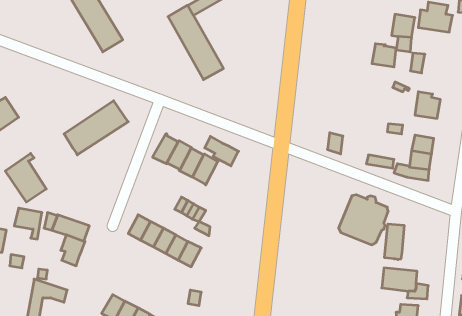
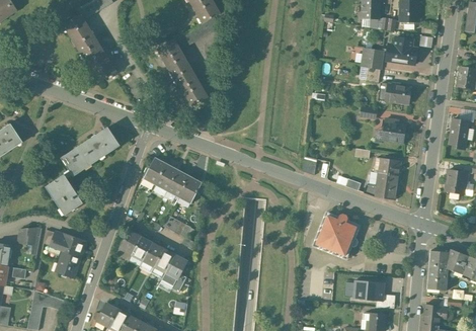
building: [372,44,396,67] -> [389,83,411,104]
building: [205,136,239,166] -> none
building: [5,153,46,202] -> [47,170,84,215]
building: [385,224,404,260] -> none

